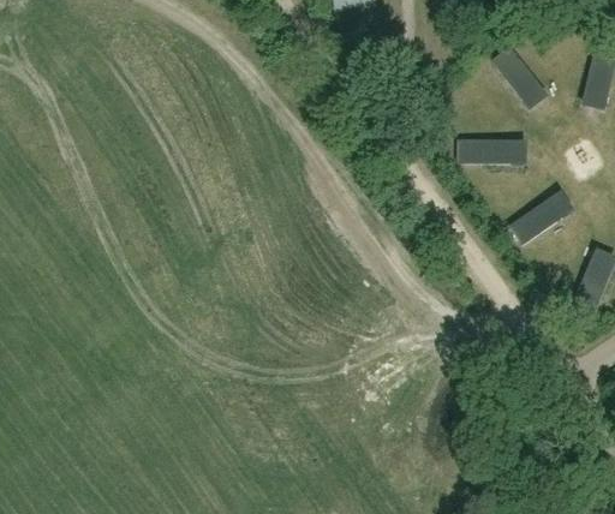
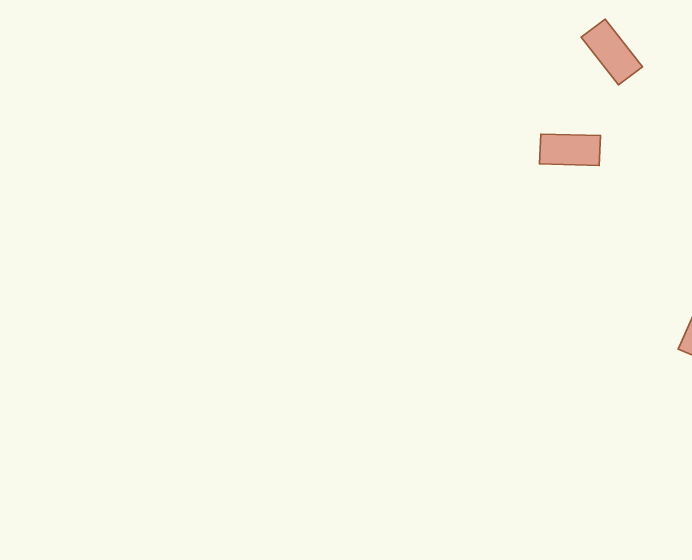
building: [510,197,563,245] -> none

